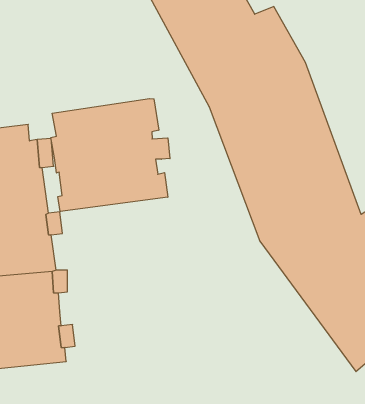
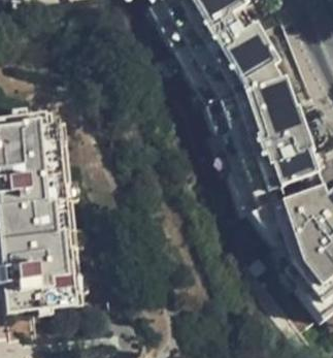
building: [51,99,170,212] -> none

